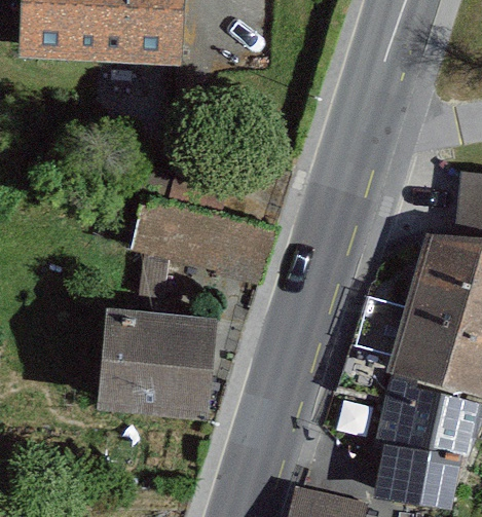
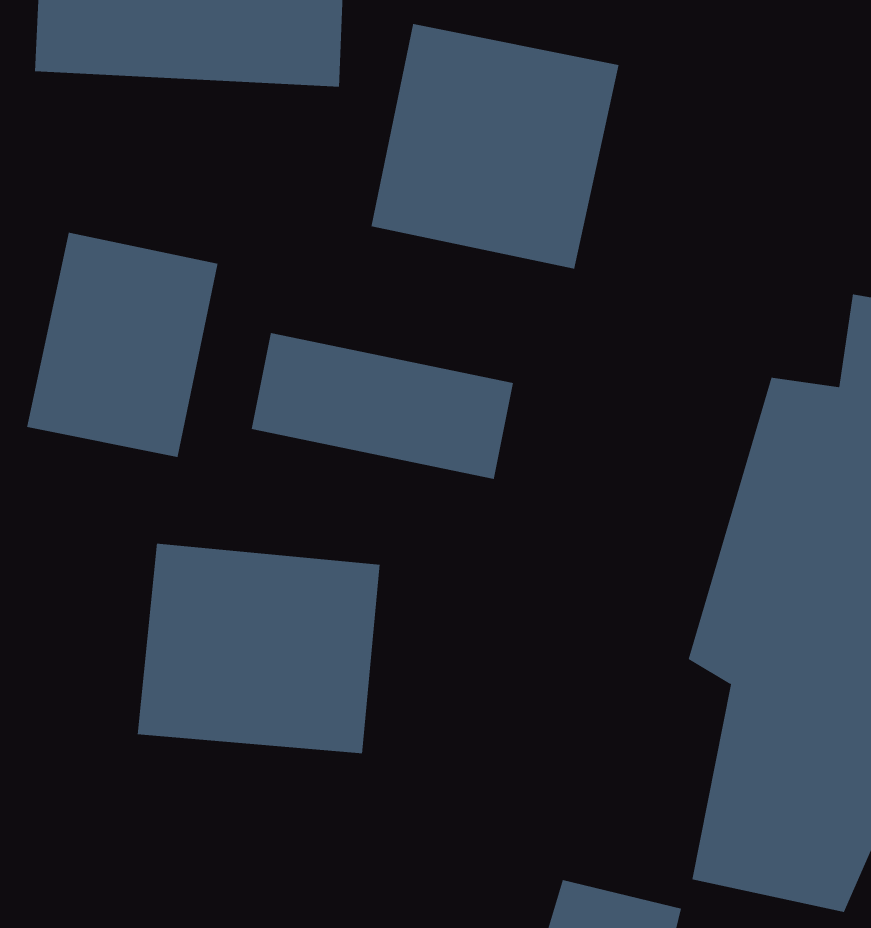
building: none -> [371,23,619,270]
building: none -> [26,232,218,458]

